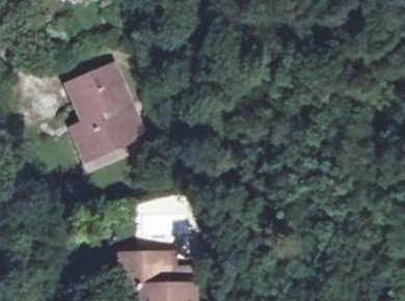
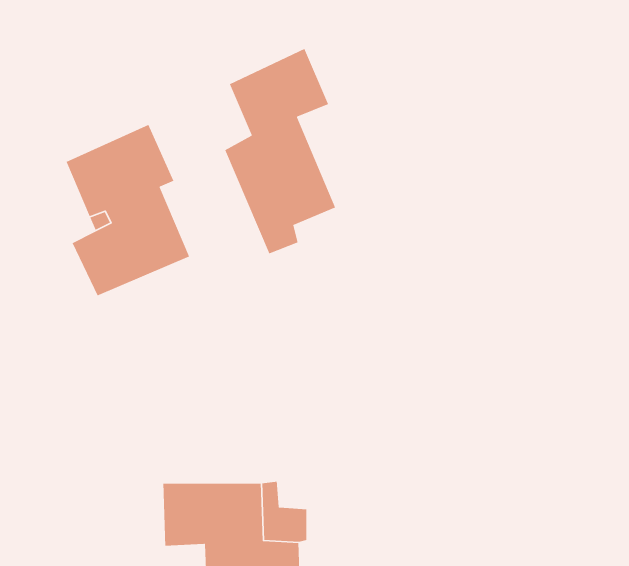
building: none -> [224,48,336,255]

